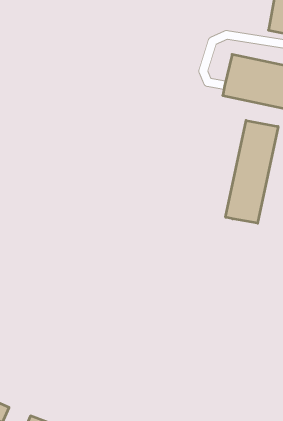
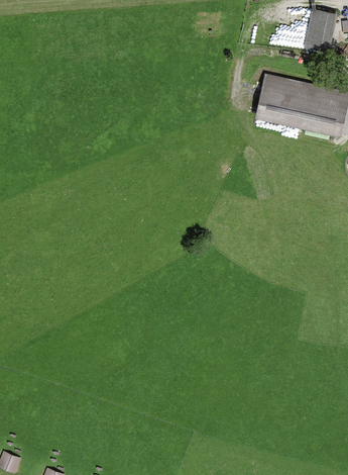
building: [226,120,278,223] -> none

